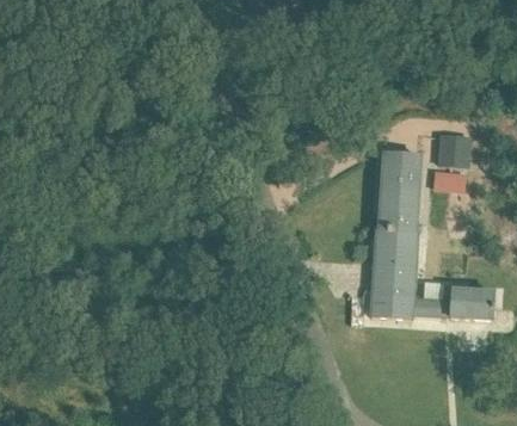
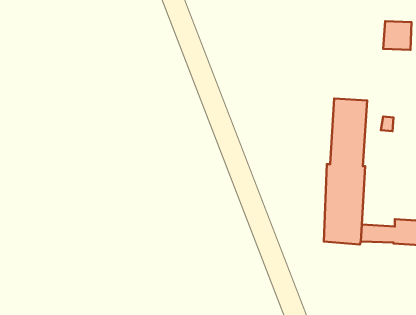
building: [438,131,470,163] -> [383,21,412,50]

